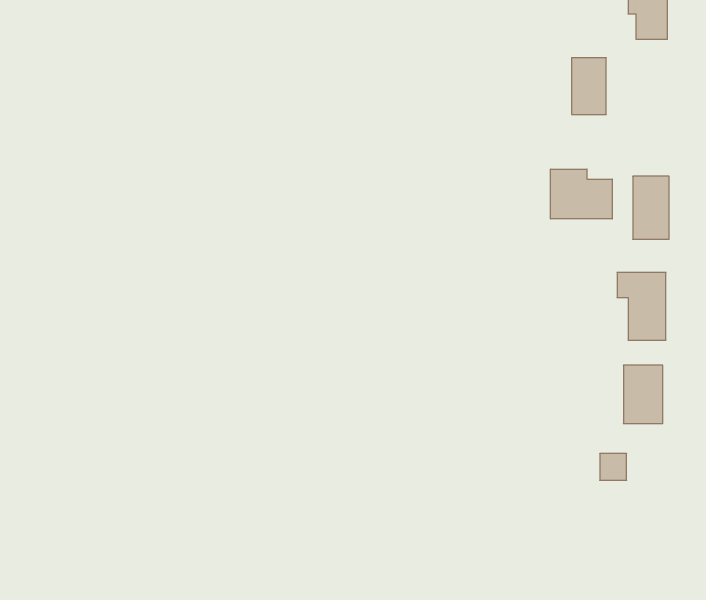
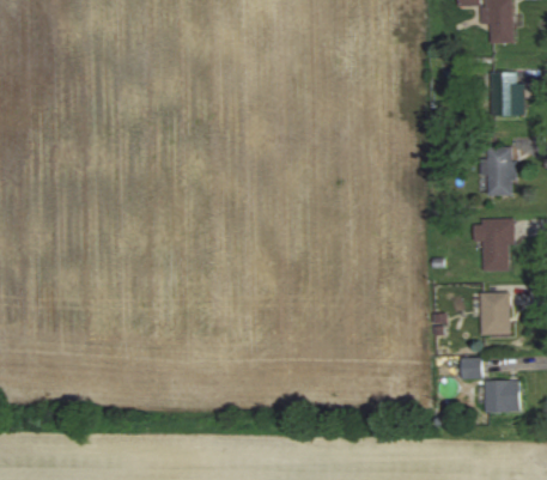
building: [572,58,606,114] -> [491,73,517,116]
building: [551,169,612,219] -> none
building: none -> [485,381,521,413]

